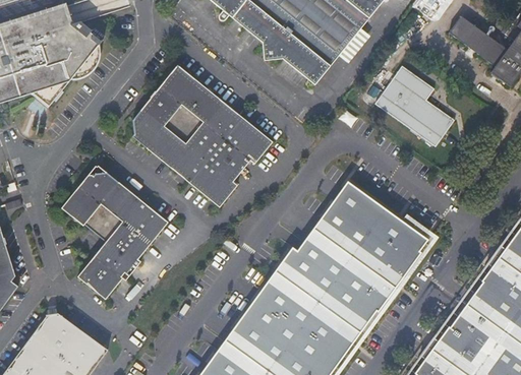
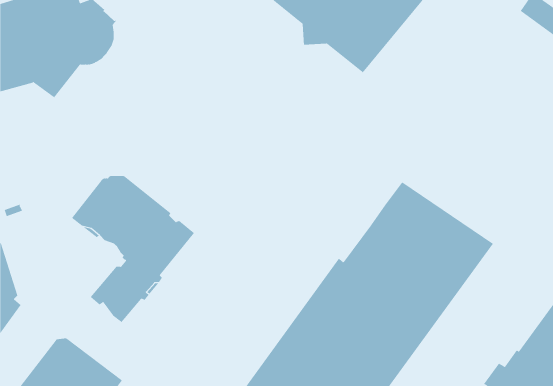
building: [375,65,454,145] -> none
building: [131,70,274,207] -> none

